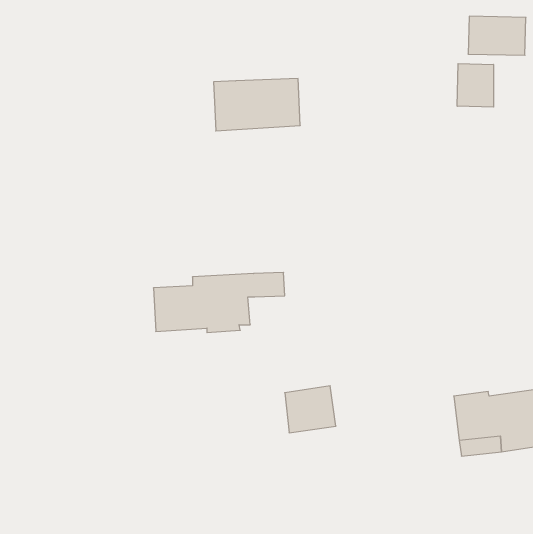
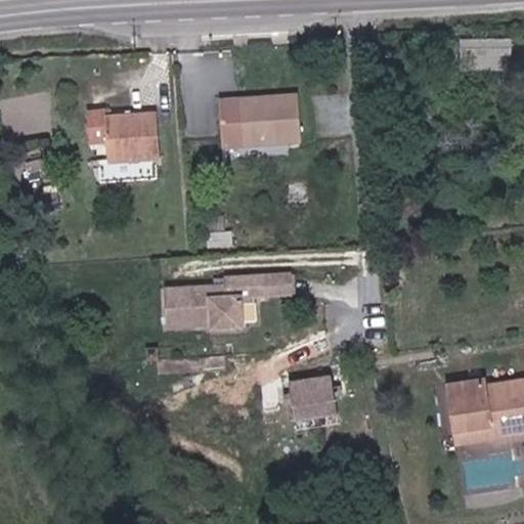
building: [457,64,494,107] -> none
building: none -> [102,108,158,158]

